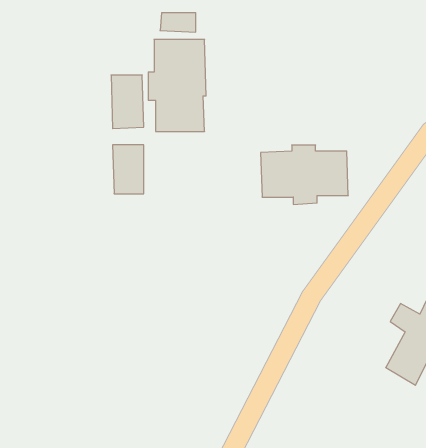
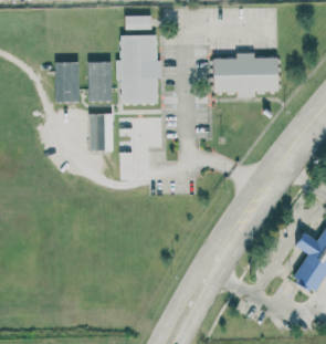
building: none -> [55,62,81,103]
building: [261,145,348,204] -> [213,53,278,97]

